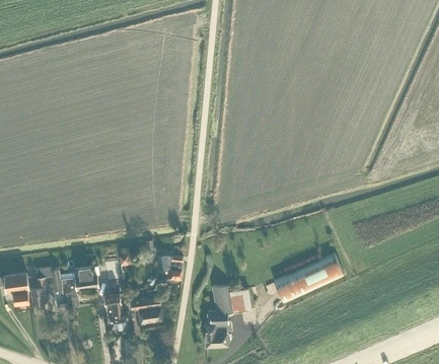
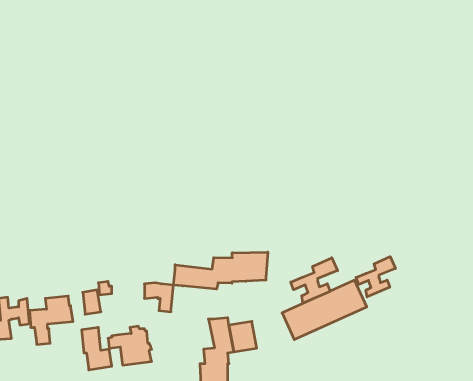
building: none -> [173,252,268,289]
building: none -> [356,257,395,297]
building: none -> [291,258,338,303]

